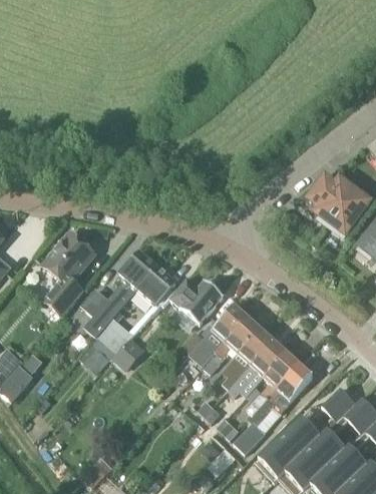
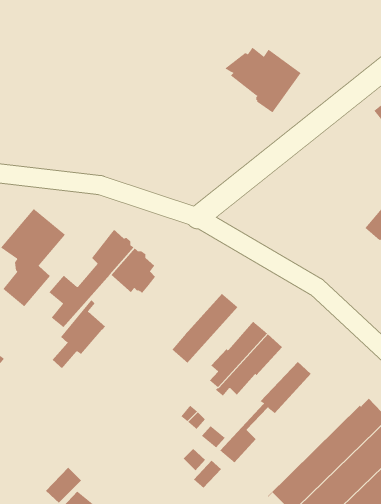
building: [301,177,368,235] -> [225,47,301,113]
building: [170,276,222,322] -> none
building: [204,316,261,371] -> none
building: [111,336,145,370] -> none
building: [260,351,300,398] -> none
building: [255,387,354,481] -> none

